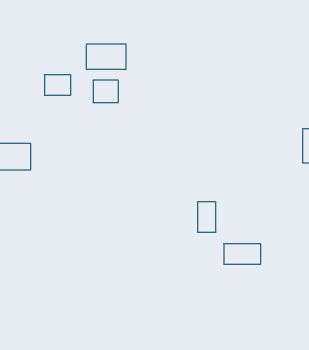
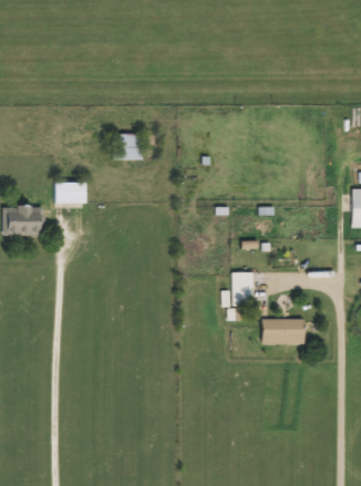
building: [87,44,126,70] -> none
building: [44,75,71,95] -> [55,182,85,205]

